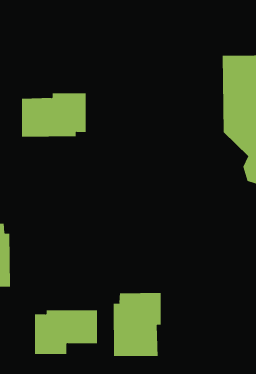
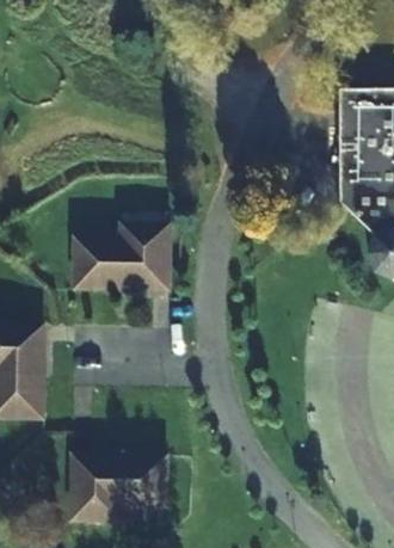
building: [21,93,86,137] -> [64,223,159,288]
building: [113,292,161,357] -> none

